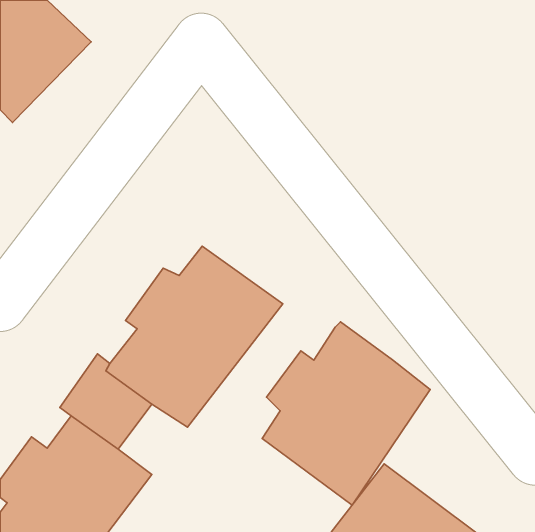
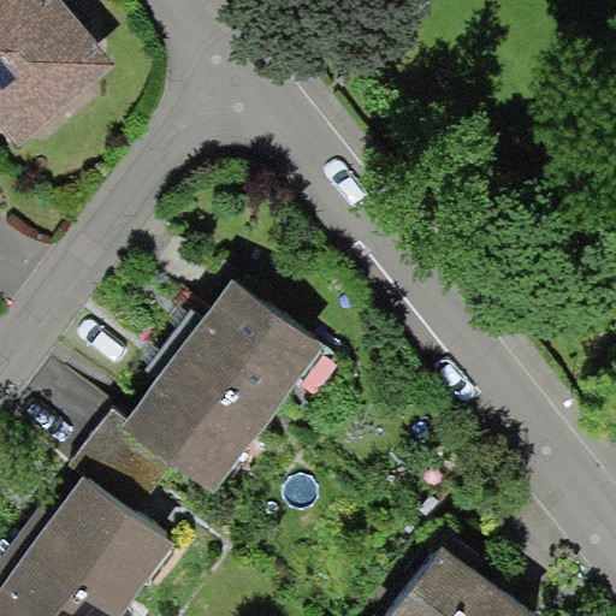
building: [262,322,430,505] -> none

